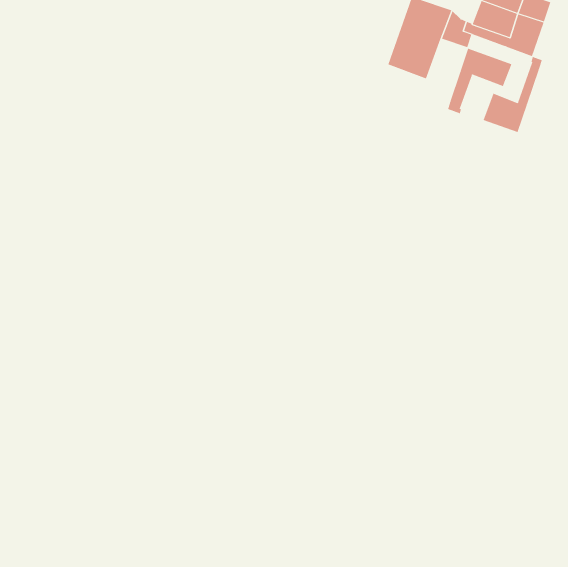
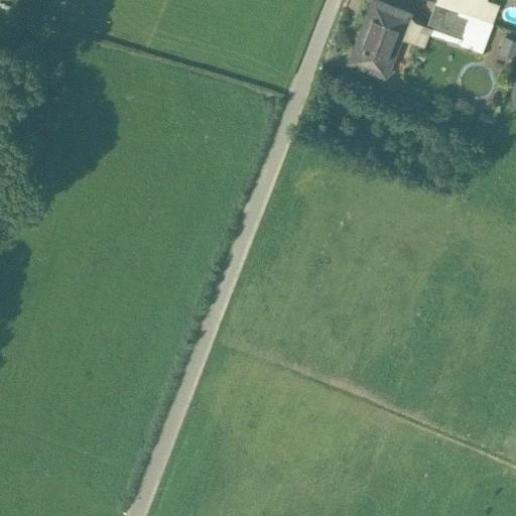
building: [447,48,512,114] -> none
building: [483,56,543,133] -> none

